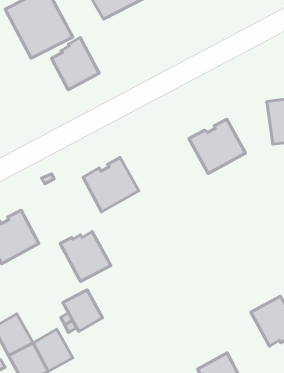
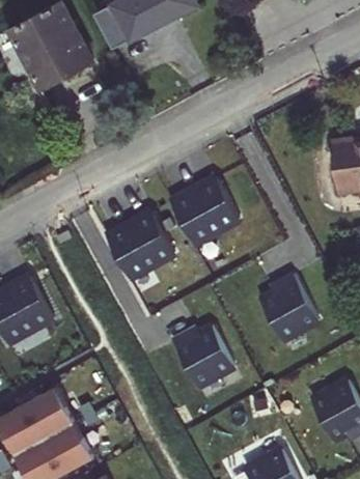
building: [51,37,99,90] -> none
building: [189,119,246,173] -> [169,177,239,244]
building: none -> [259,273,319,339]
building: [60,232,111,282] -> [171,325,233,386]
building: [63,290,103,331] -> [24,387,73,438]

